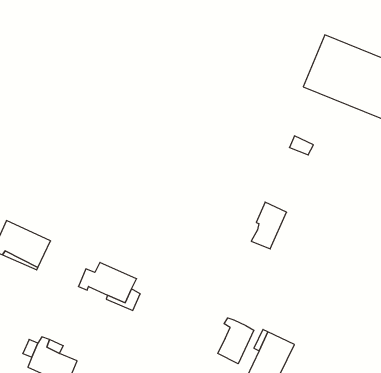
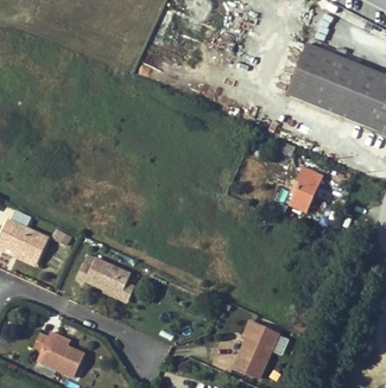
building: [251,202,287,249] -> [290,166,323,210]
building: [218,318,254,364] -> none

